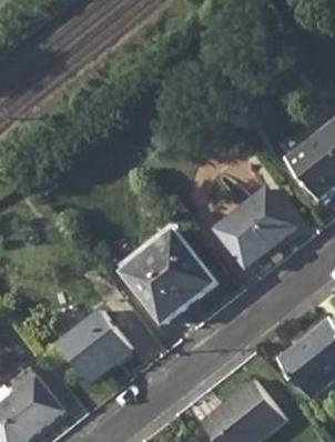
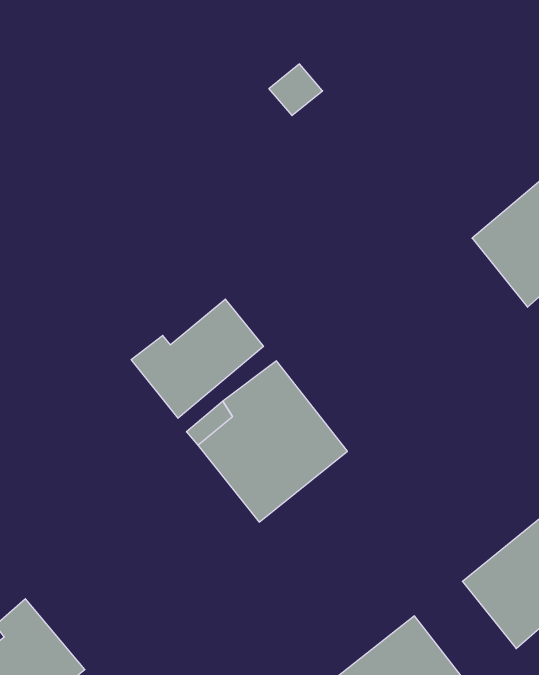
building: [215,189,295,265] -> none
building: none -> [131,299,263,418]
building: [59,310,131,380] -> none

